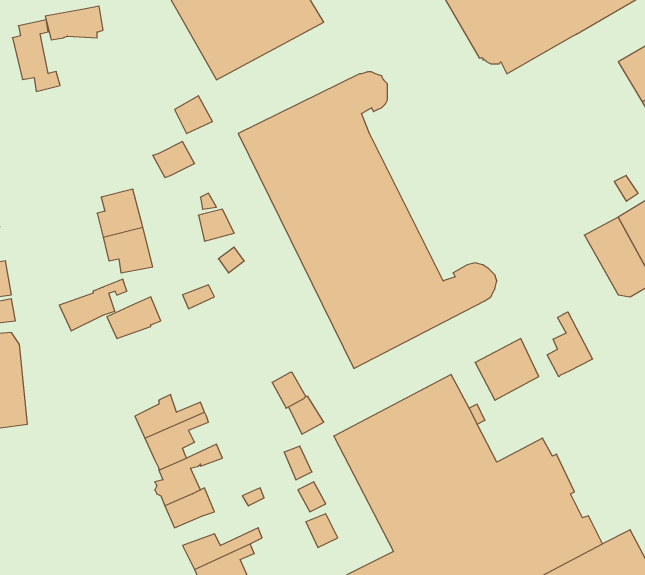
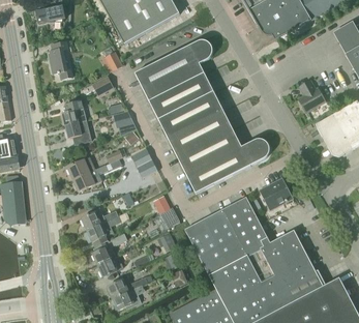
building: [12,20,60,91] -> [48,42,72,80]
building: none -> [298,81,325,112]
building: [59,279,127,331] -> [72,165,108,192]
building: none -> [131,148,157,178]
building: [547,312,593,377] -> none

